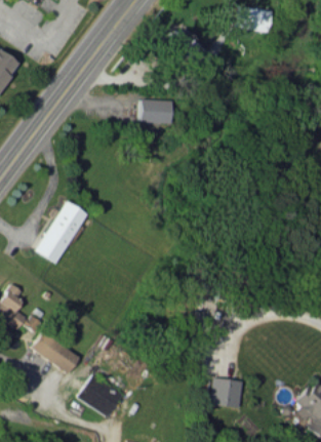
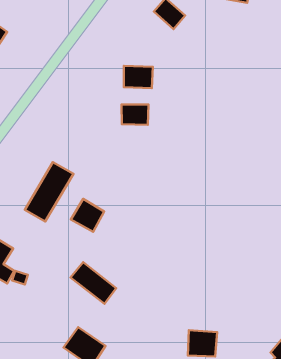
building: none -> [121,104,149,125]
building: none -> [71,199,104,232]
building: [32,330,80,374] -> [71,262,116,304]

